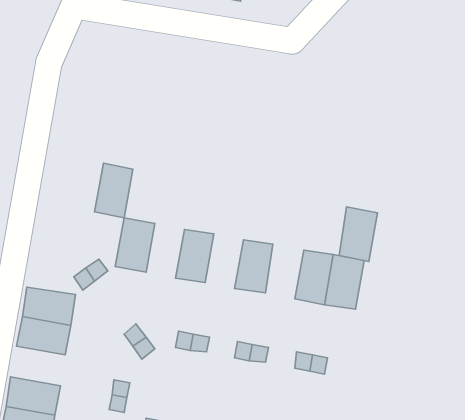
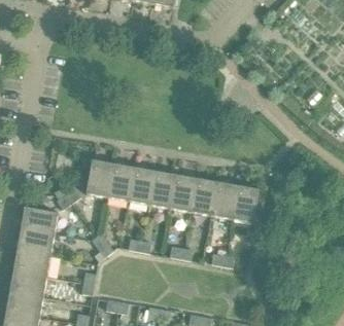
building: [95,163,133,218] -> [107,162,134,201]
building: [339,207,378,261] -> [191,177,217,215]
building: none -> [148,170,175,208]
building: none -> [12,248,50,276]

